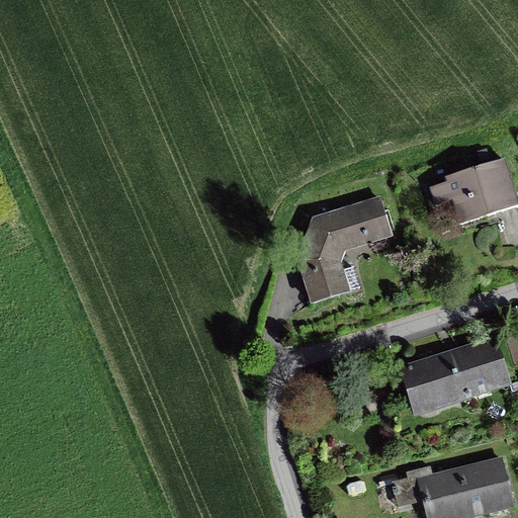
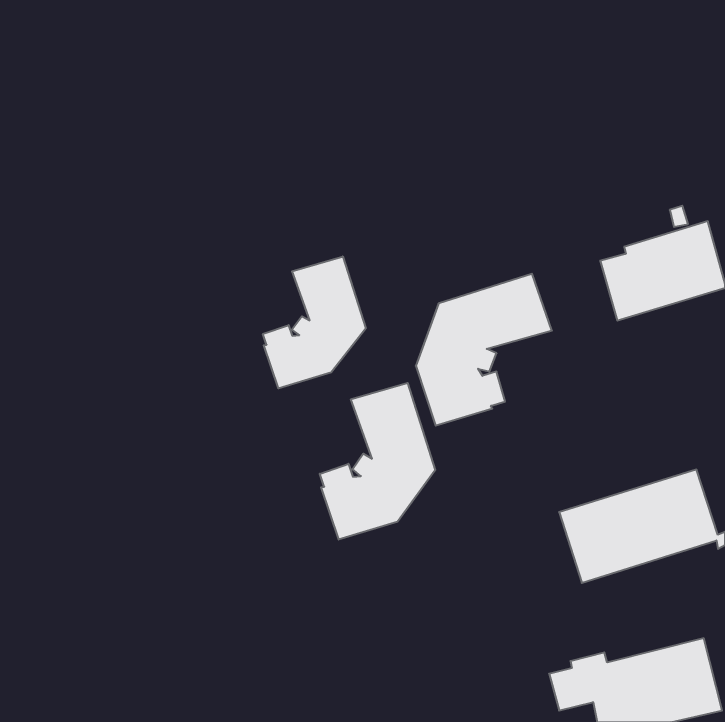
building: none -> [263,256,366,388]
building: none -> [320,383,435,540]

